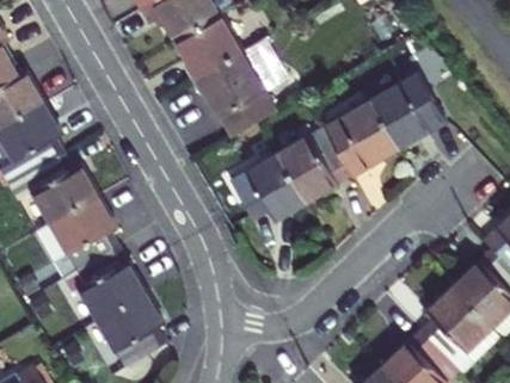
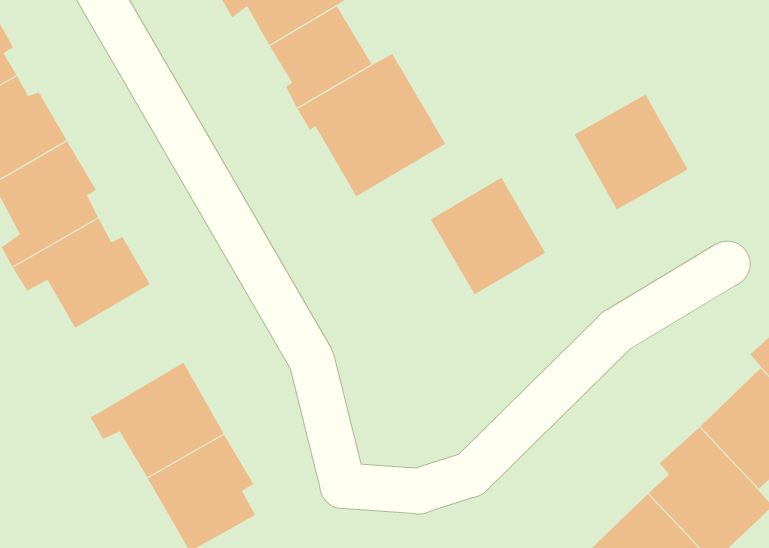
building: [325,98,399,174] -> none
building: [229,153,307,221] -> none
building: [36,194,119,278] -> none

